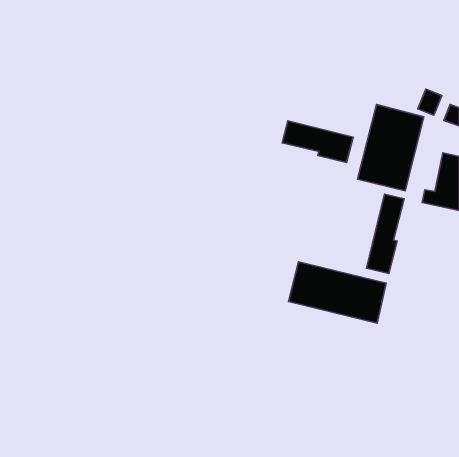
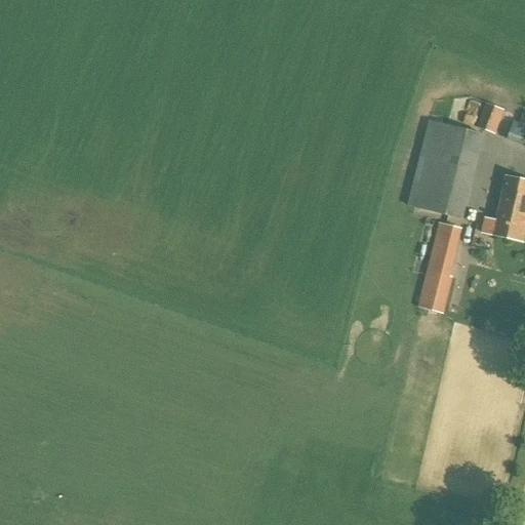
building: [282,121,353,163] -> none
building: [288,262,386,323] -> none

